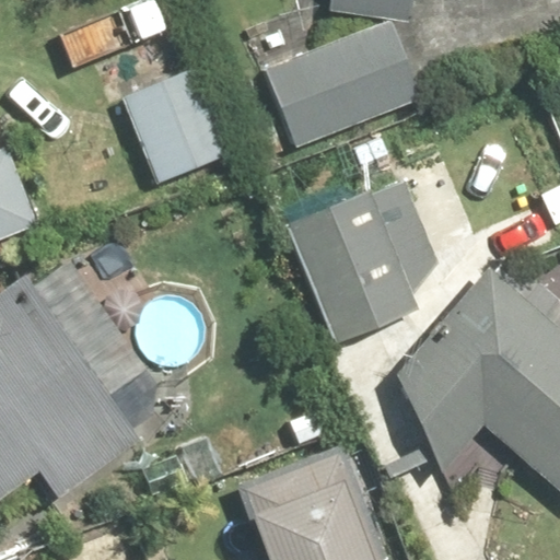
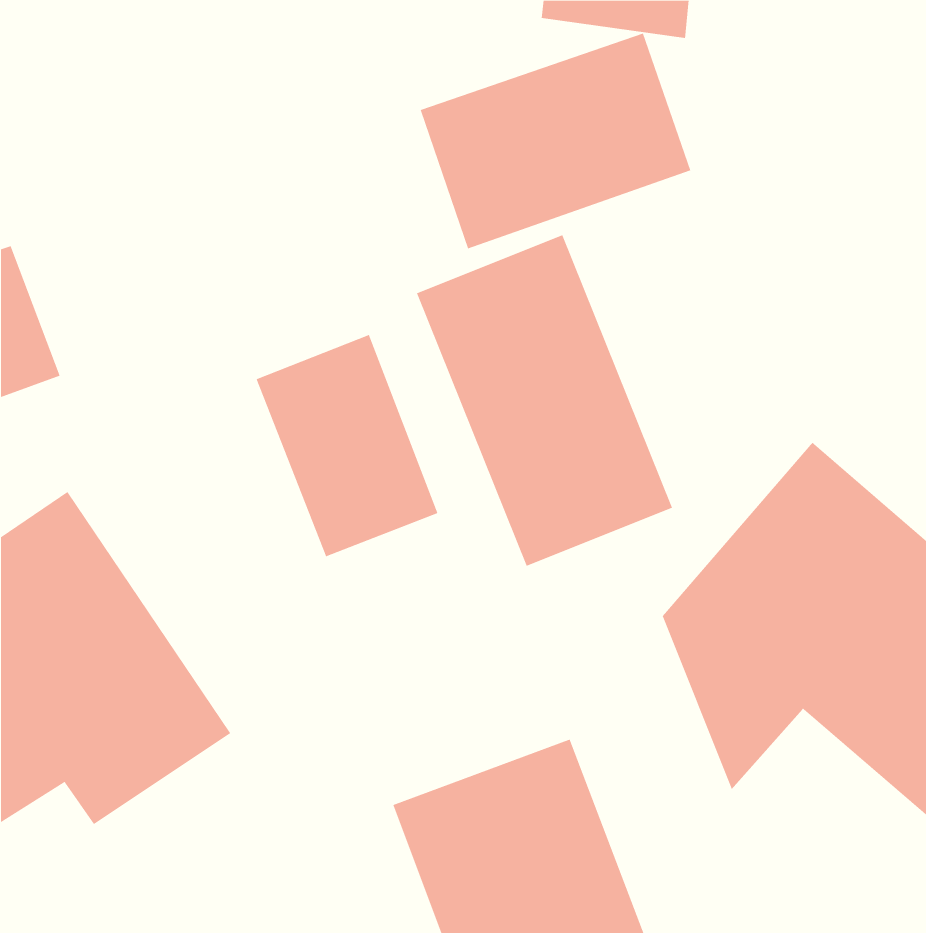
building: [110,65,230,214] -> none
building: none -> [256,334,438,557]

